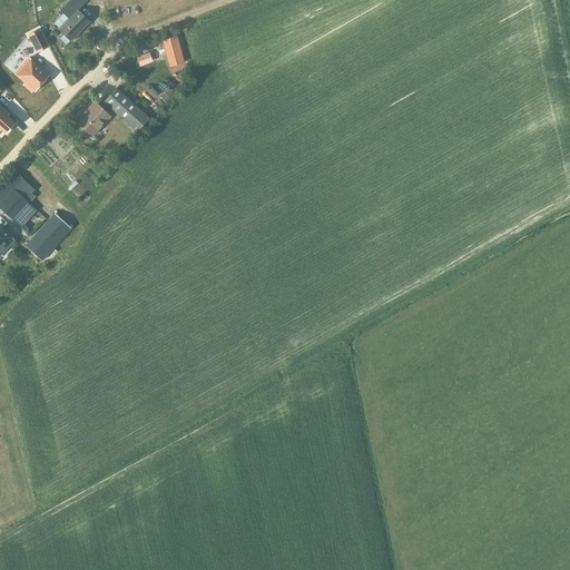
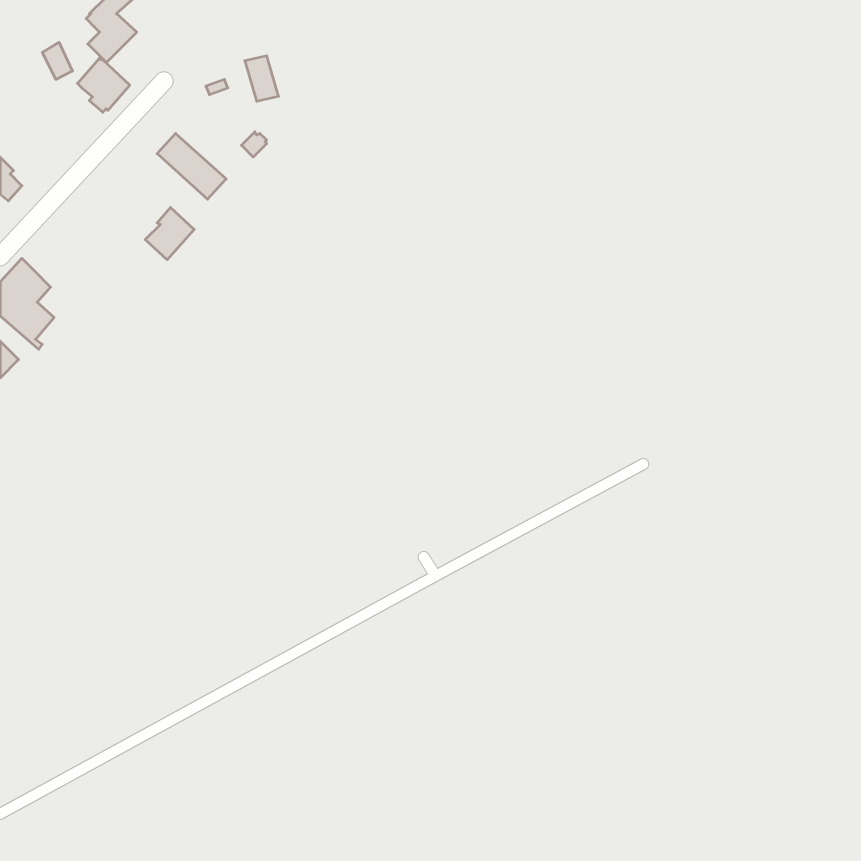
building: [16,57,50,92] -> [77,58,130,112]
building: [79,101,111,136] -> [145,207,194,260]
building: [27,213,72,261] -> none

